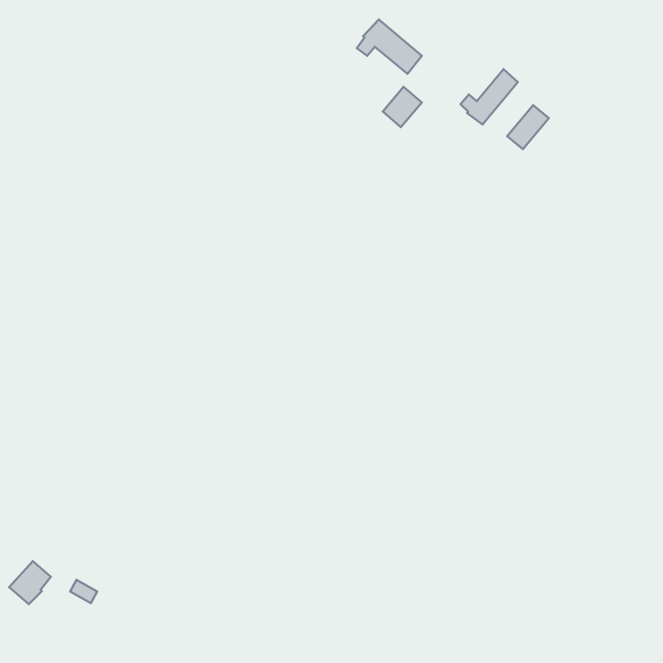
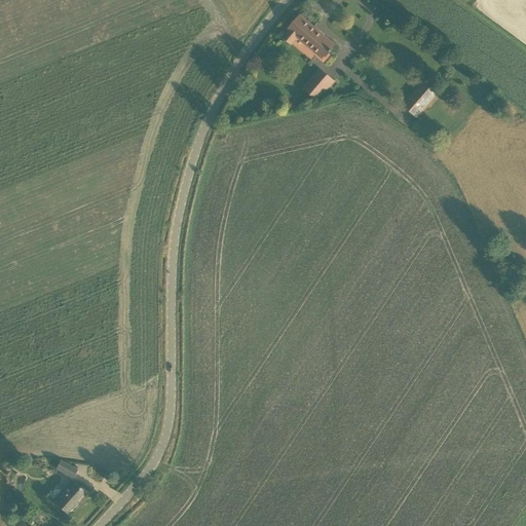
building: [460,69,518,125] -> none
building: [9,561,51,604] -> [51,480,84,514]

